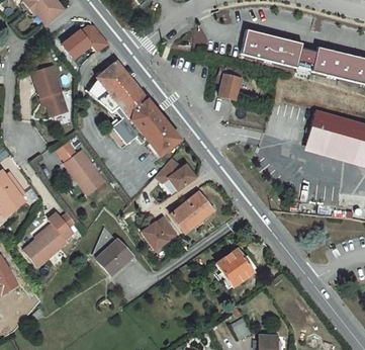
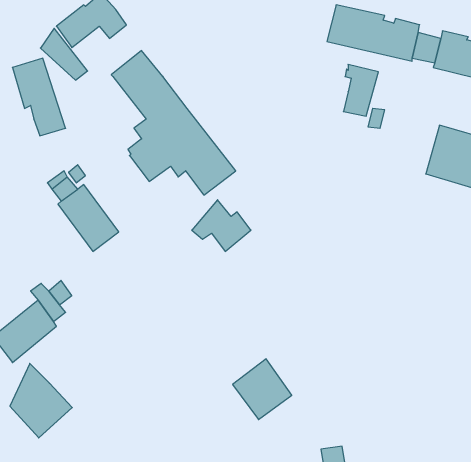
building: [221,65,245,99] -> [343,64,378,116]
building: [90,77,121,111] -> [40,28,88,80]
building: [171,191,212,231] -> none
building: [142,215,178,250] -> none
building: [90,230,131,279] -> [10,363,72,438]
building: [216,247,256,287] -> [233,359,292,420]

